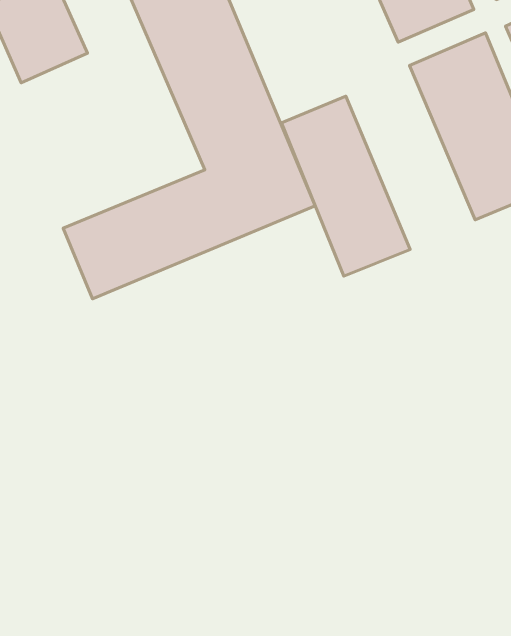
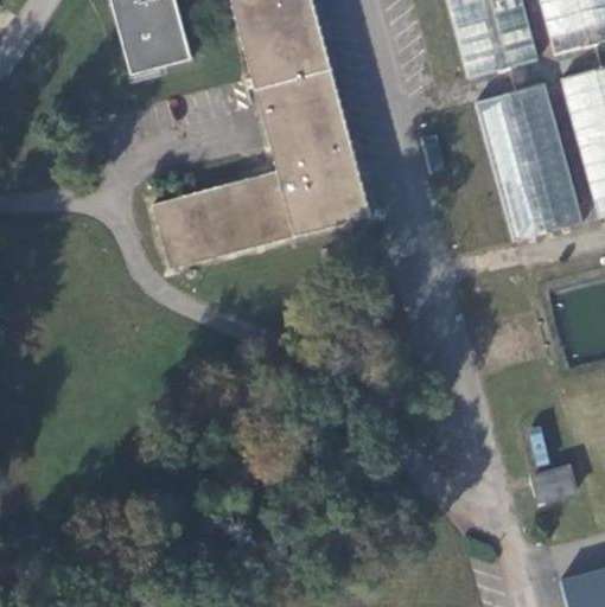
building: [281,96,410,276] -> none

